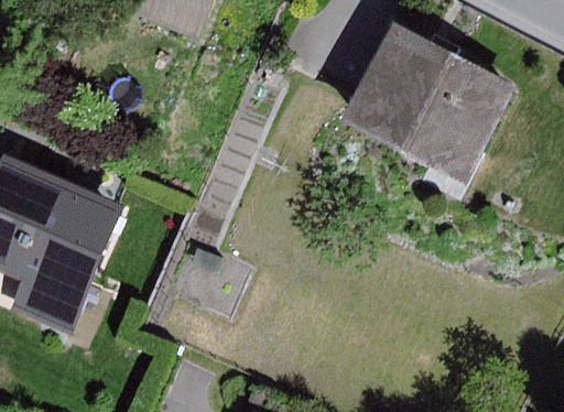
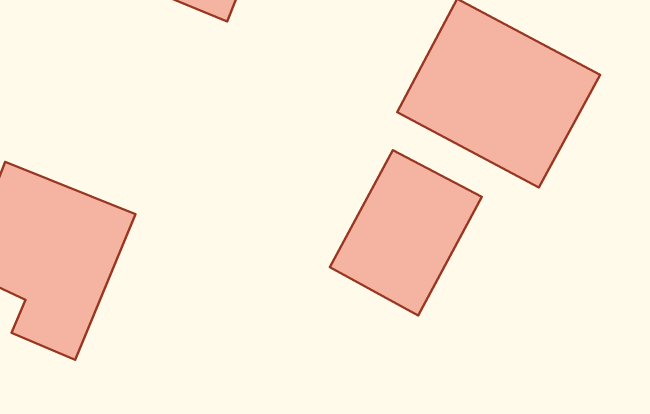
building: none -> [330,150,482,315]

